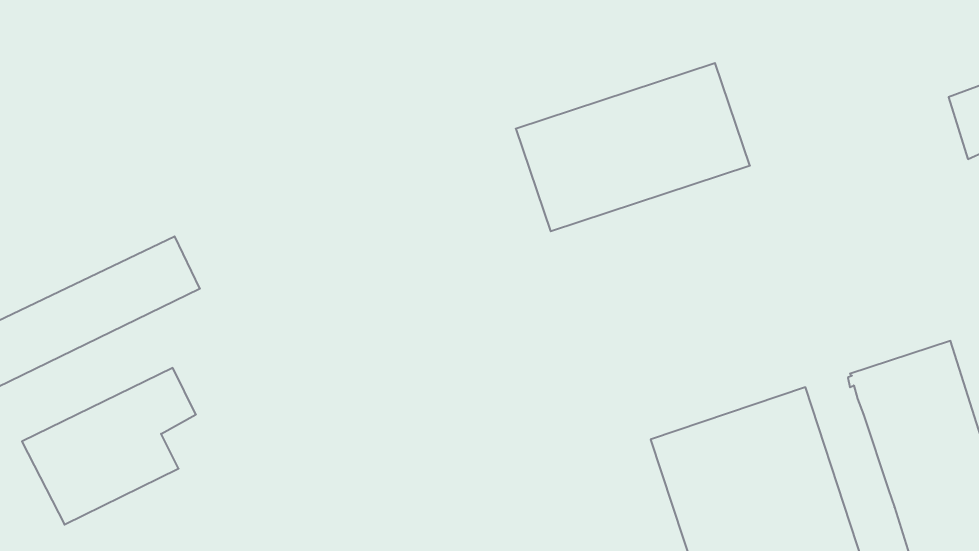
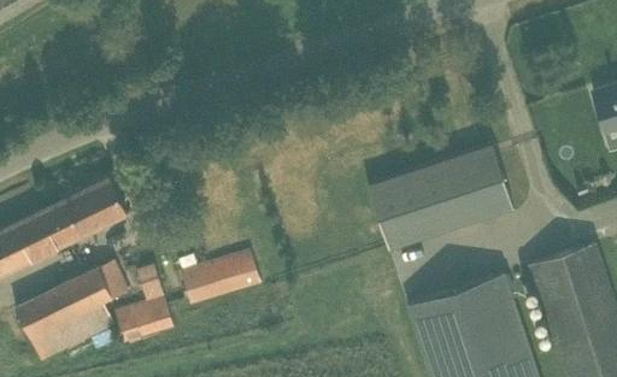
building: [516,63,750,231] -> [370,148,516,253]
building: none -> [183,251,260,302]
building: none -> [116,276,175,341]

